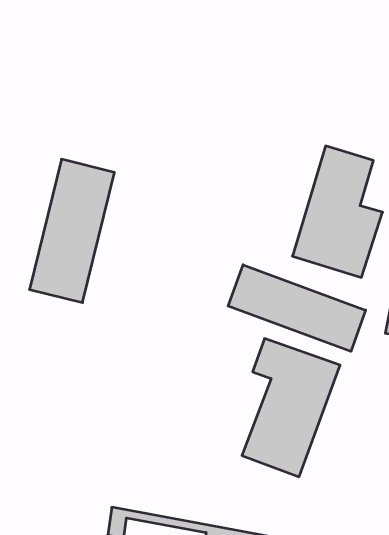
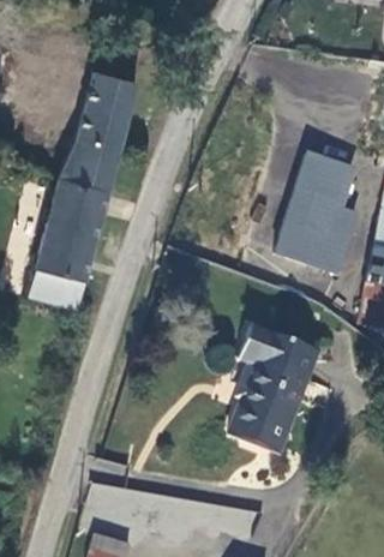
building: none -> [65,70,137,178]
building: [228,265,366,351] -> none

